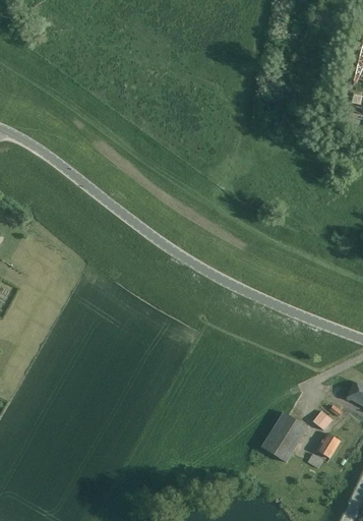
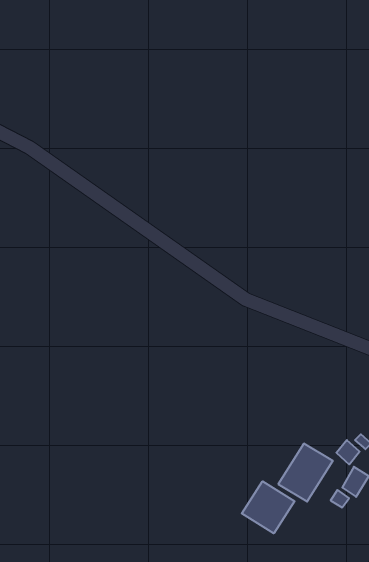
building: none -> [242,481,295,533]

